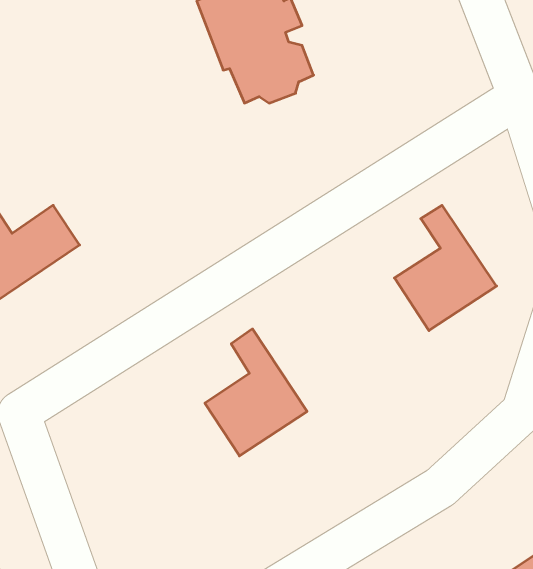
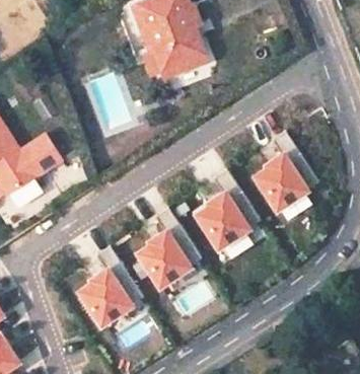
building: none -> [196,171,259,249]
building: none -> [79,248,142,326]

